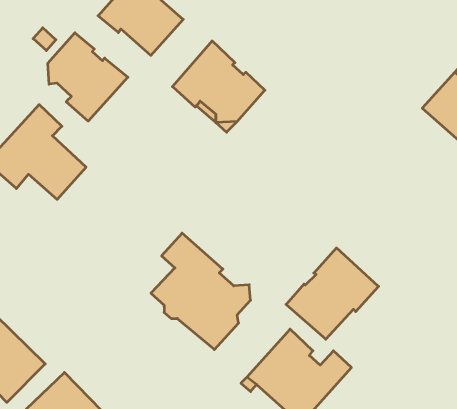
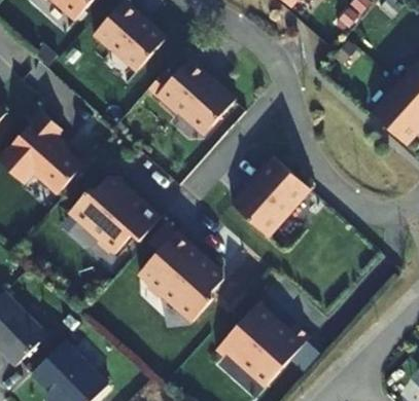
building: [48,33,128,121] -> none
building: none -> [68,176,160,253]
building: [286,248,379,339] -> [231,157,310,235]

